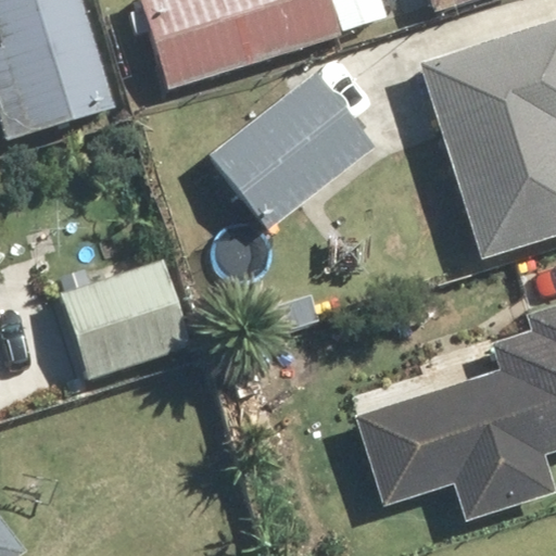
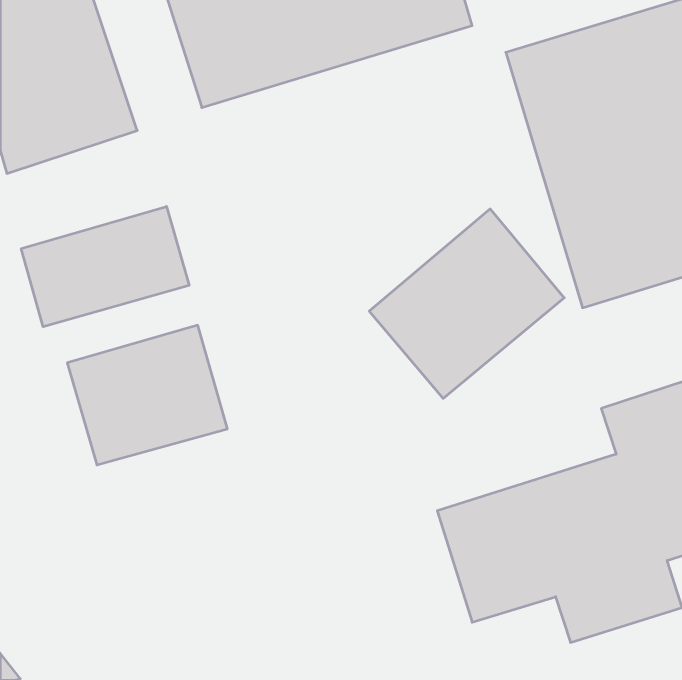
building: [213,76,370,229] -> [369,209,564,398]
building: none -> [21,206,189,327]

